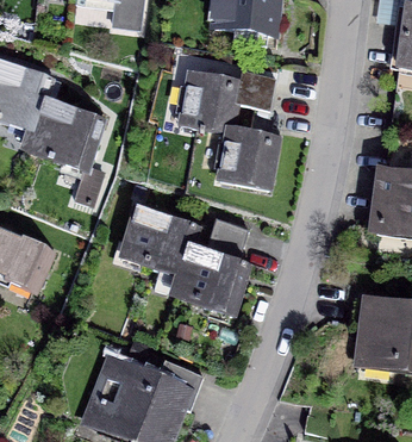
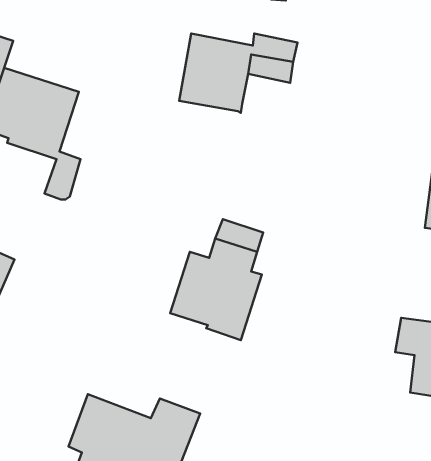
building: [219,126,277,187] -> none
building: [124,206,196,293] -> none

